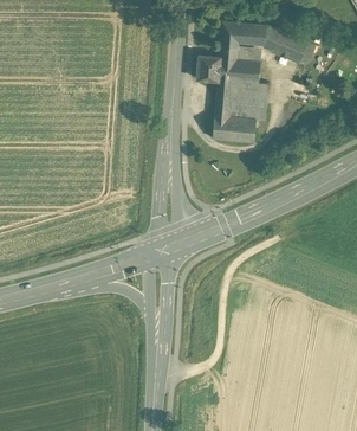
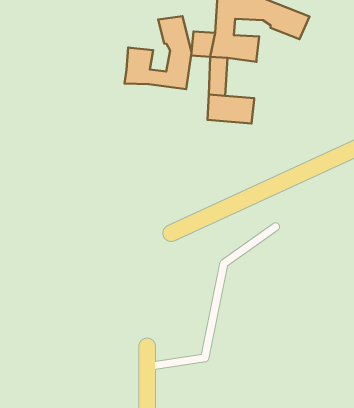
building: none -> [124,16,191,89]
building: [229,79,270,118] -> none

